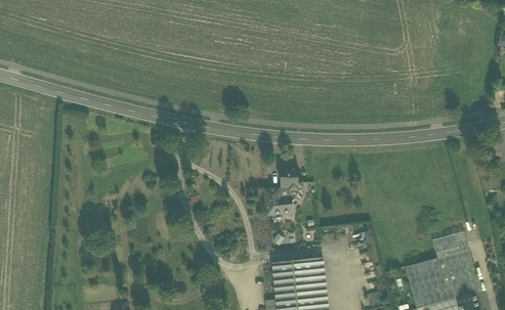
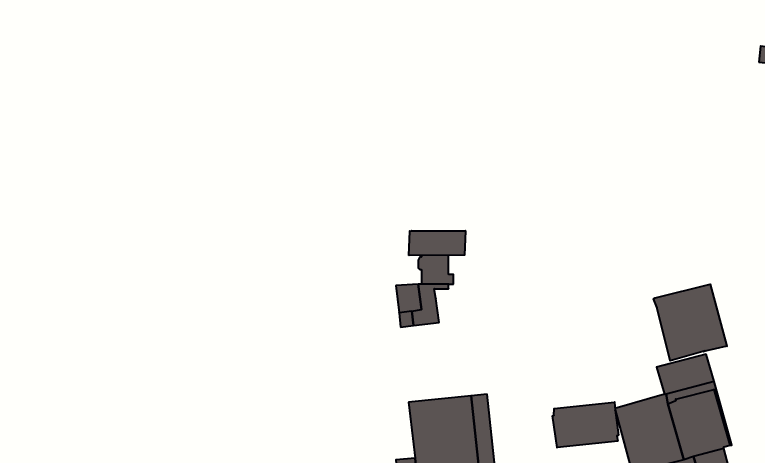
building: none -> [409,231,465,255]
building: none -> [654,284,727,361]
building: none -> [552,402,618,448]

